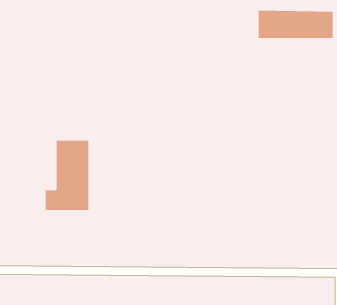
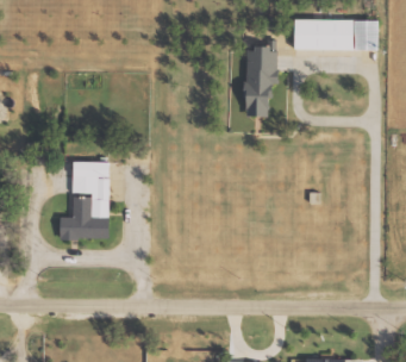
building: none -> [245,49,277,117]

